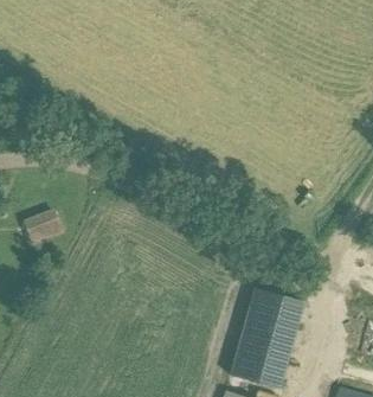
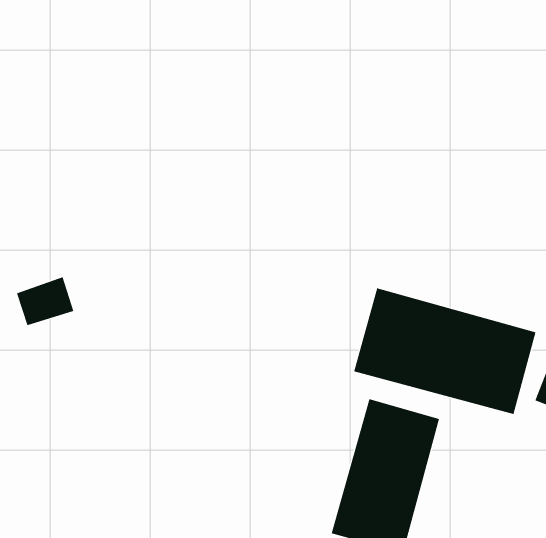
building: none -> [354,287,536,415]

